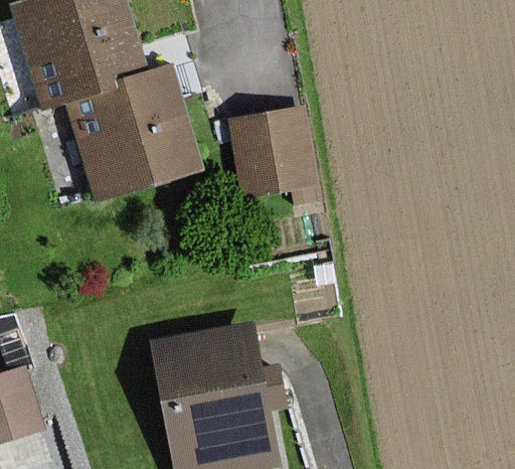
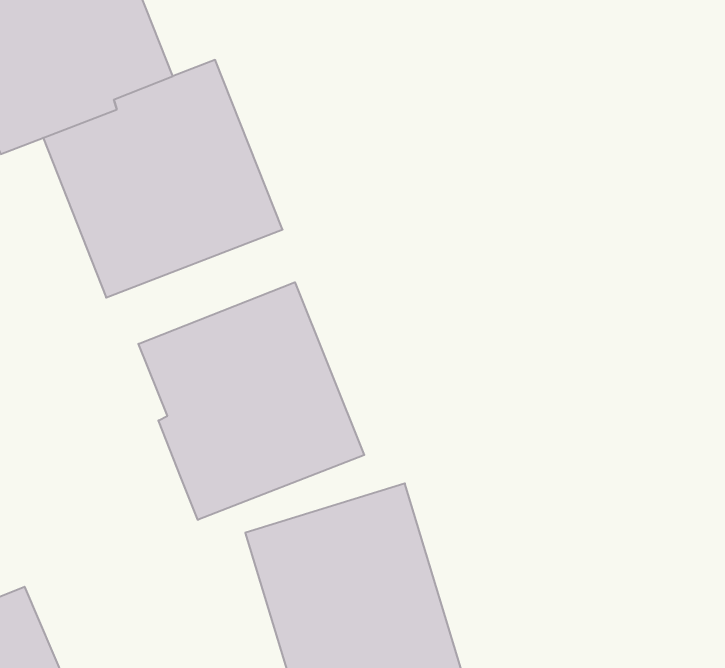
building: [227,107,312,194] -> none
building: none -> [138,282,364,520]

